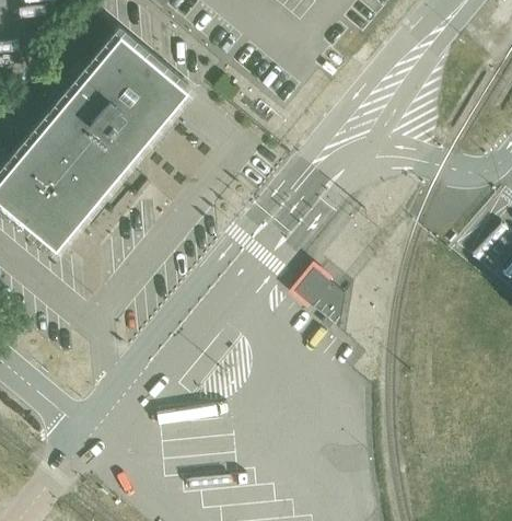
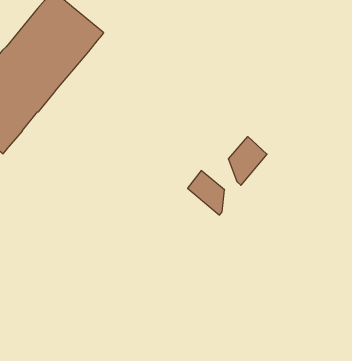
building: none -> [228,137,267,185]

